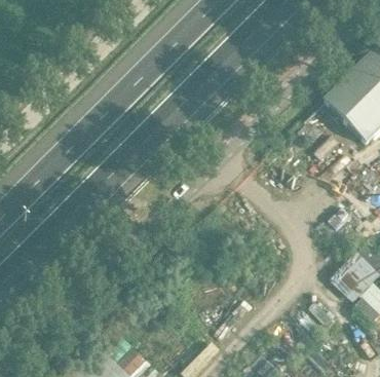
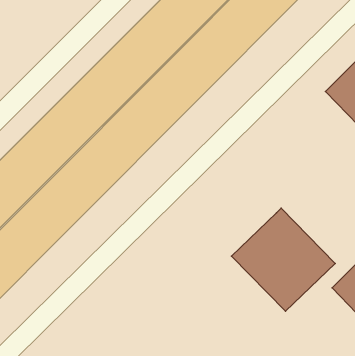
building: none -> [231,208,335,311]

